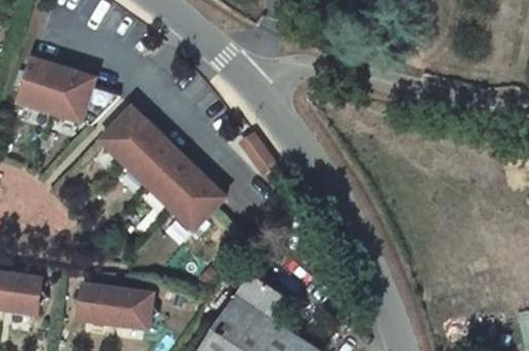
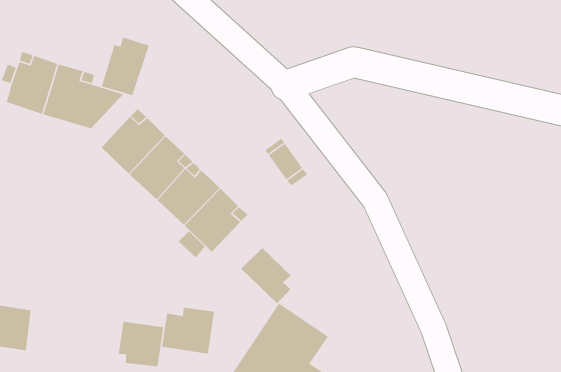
building: none -> [101,37,150,96]
building: none -> [241,247,291,304]
building: none -> [161,307,215,354]
building: [78,284,117,322] -> none

